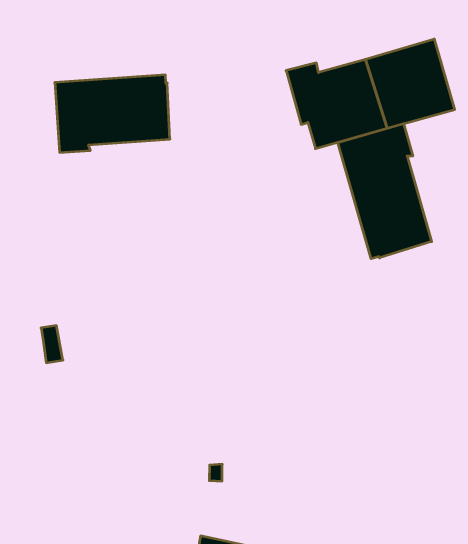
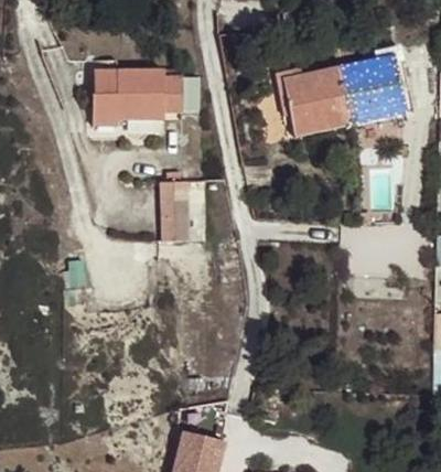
building: [338,124,432,259] -> none
building: none -> [160,172,187,240]

